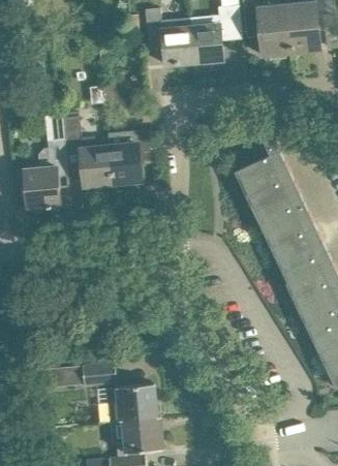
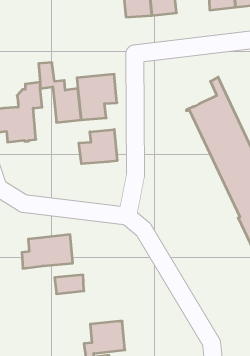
building: none -> [79,129,117,164]
building: [97,385,156,425] -> [22,235,73,268]

